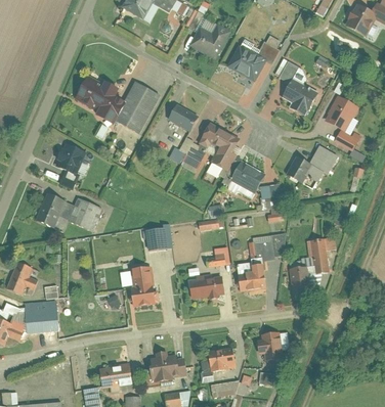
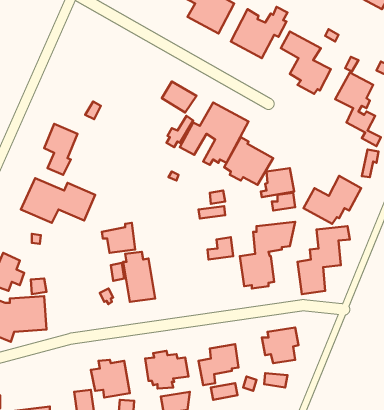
building: [75,76,163,135] -> none
building: [286,143,339,187] -> [303,176,361,224]
building: [142,223,173,251] -> [102,223,135,253]
building: [185,266,224,300] -> none

